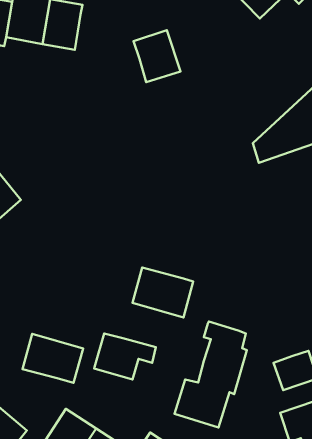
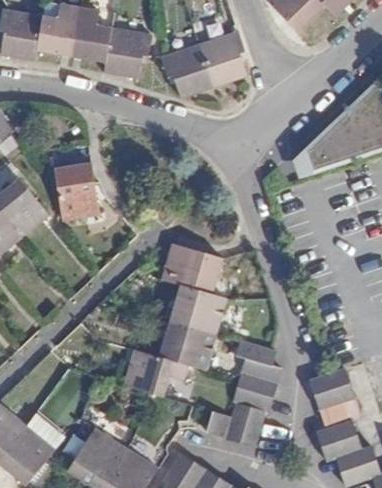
building: none -> [103,26,143,77]
building: none -> [199,30,244,84]
building: none -> [53,162,98,221]
building: none -> [162,245,226,295]
building: [23,334,83,383] -> [154,320,216,370]

